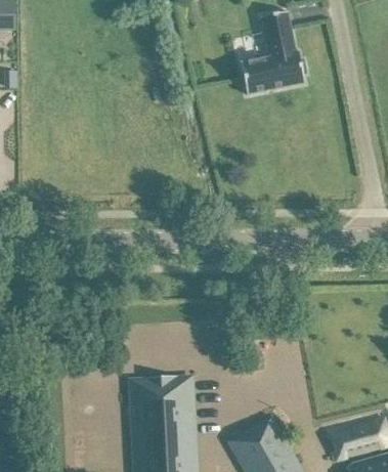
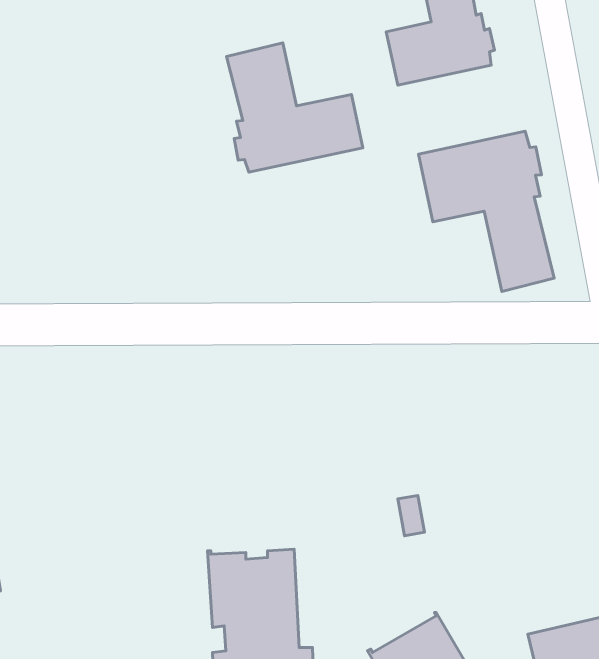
building: none -> [226,43,363,172]
building: none -> [418,131,554,292]

